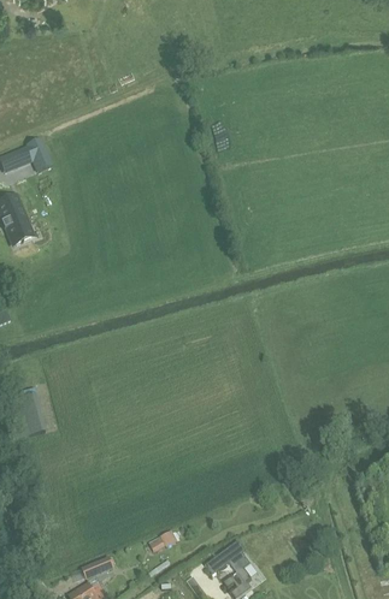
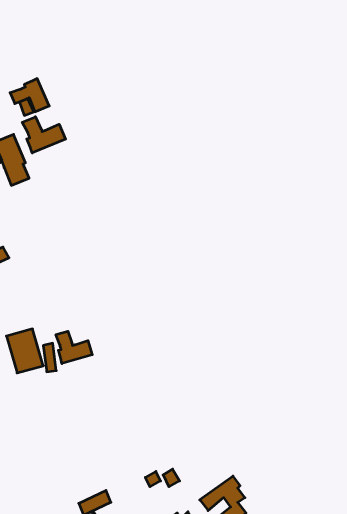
building: none -> [22,117,66,153]
building: none -> [56,331,92,364]

